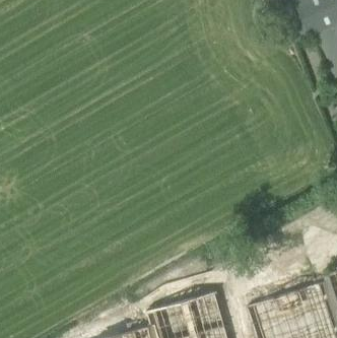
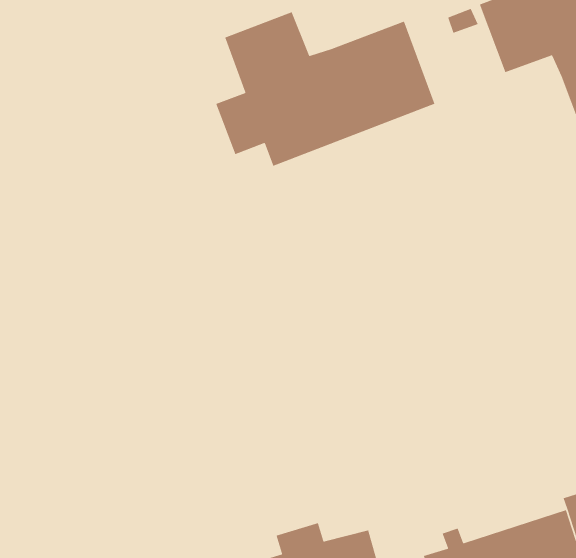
building: none -> [215,11,436,167]

